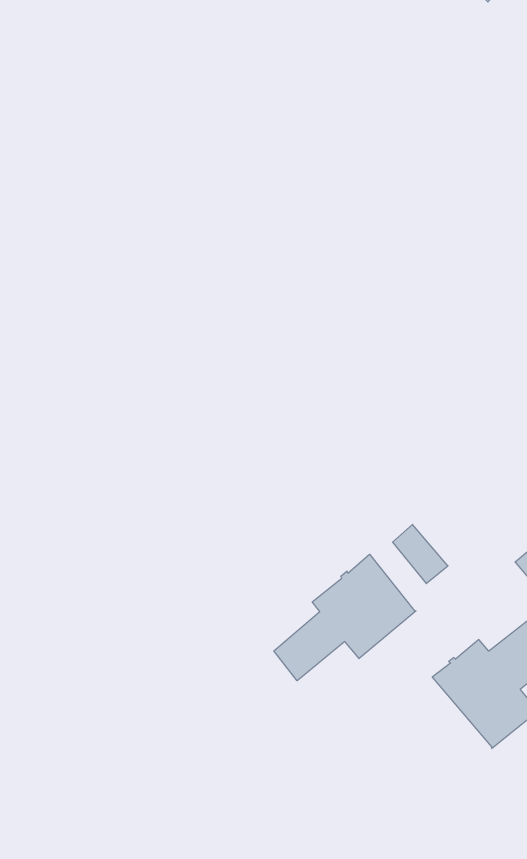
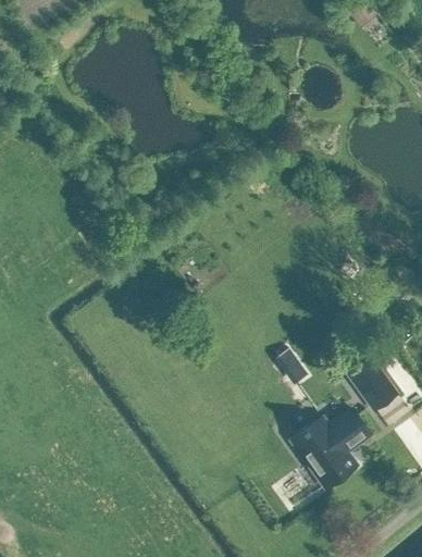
building: [274,554,416,681] -> none

